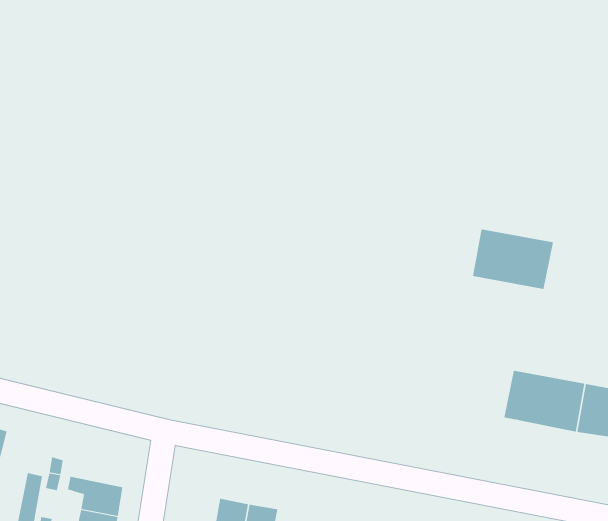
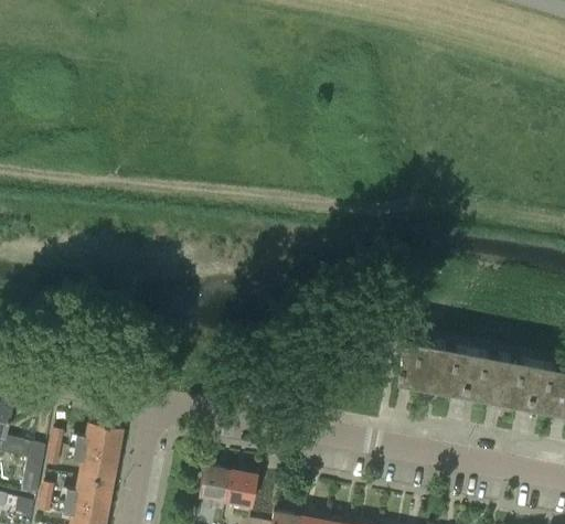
building: [472,229,554,290] -> [397,339,471,394]
building: none -> [70,423,124,457]

